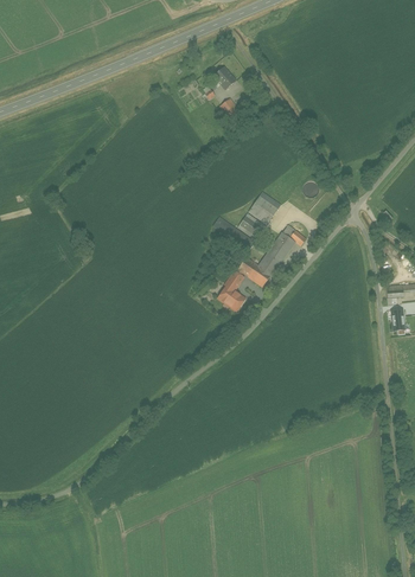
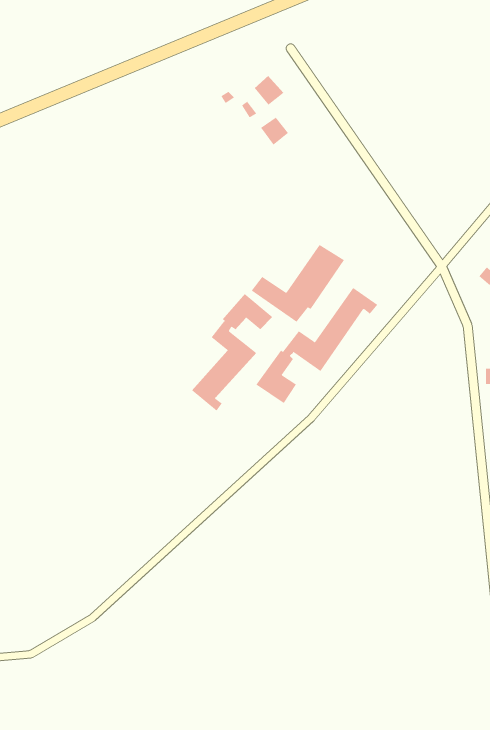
building: none -> [191,293,273,411]

